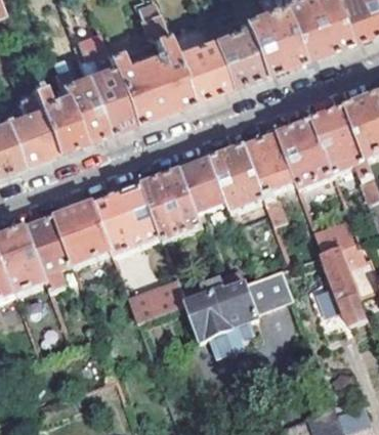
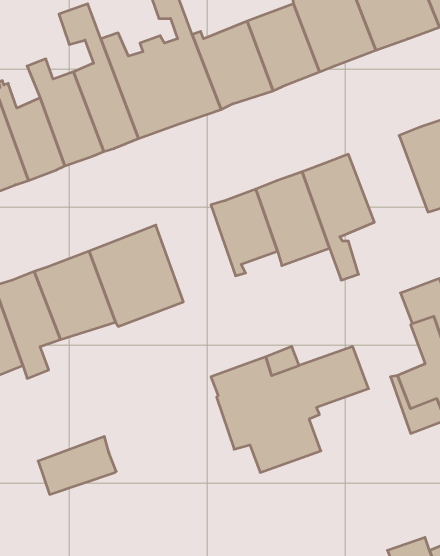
building: [279,121,335,189] -> none
building: [142,170,202,242] -> none
building: [131,280,186,321] -> [38,437,116,494]

